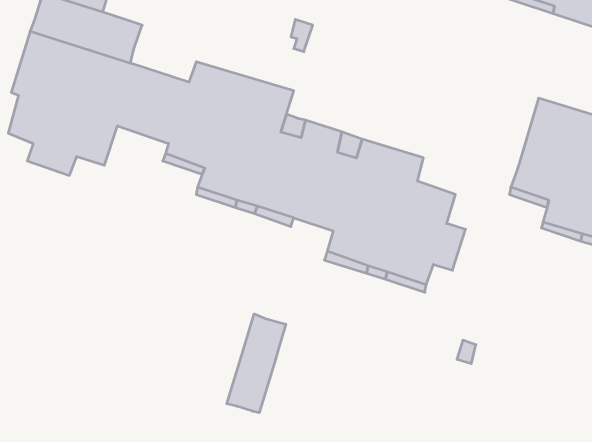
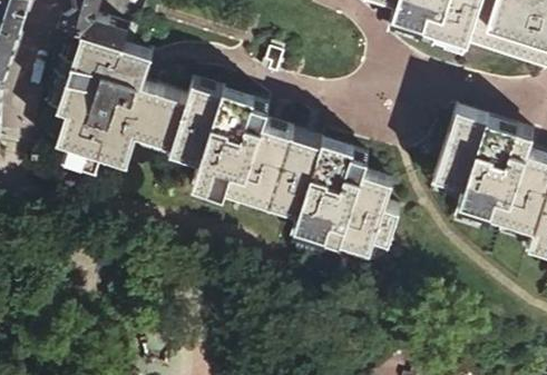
building: [227,314,286,413] -> none

